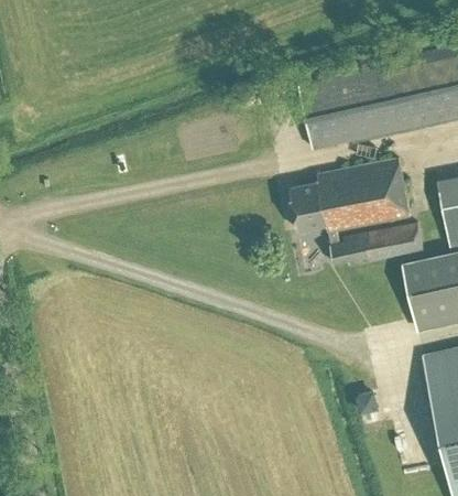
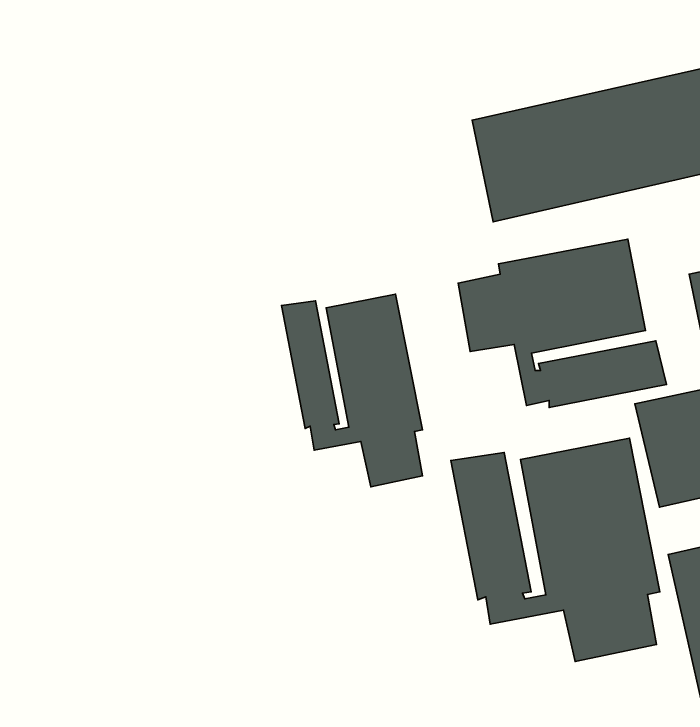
building: none -> [281,294,423,487]
building: none -> [451,438,660,662]

